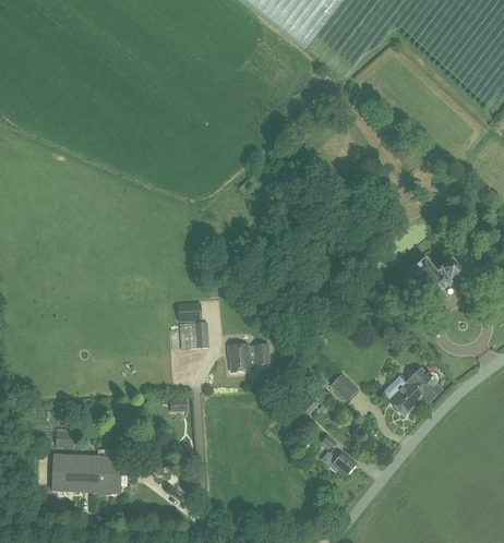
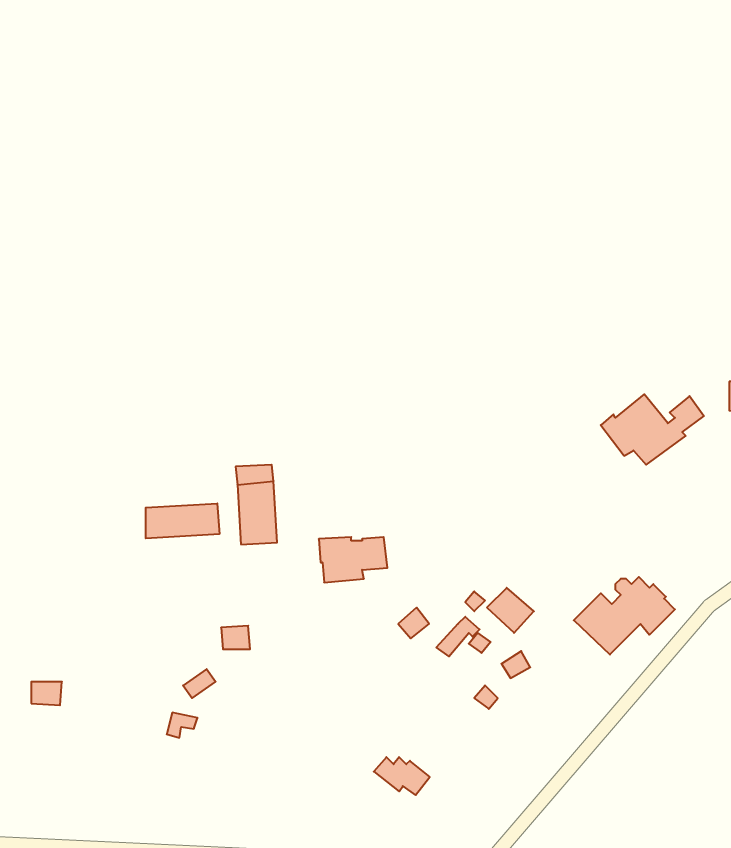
building: none -> [146,503,219,538]
building: [321,450,355,473] -> [374,757,430,795]
building: [51,454,120,492] -> none

